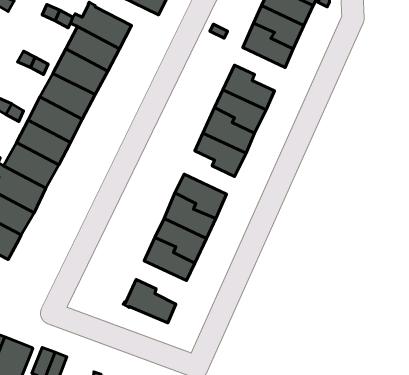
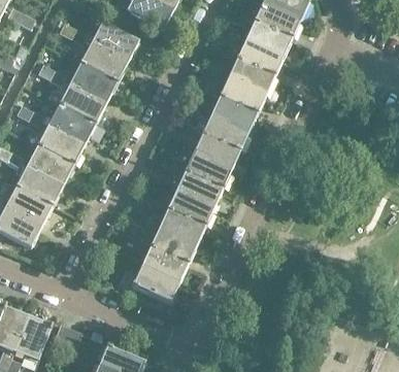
building: none -> [229,60,273,98]
building: none -> [185,150,229,189]
building: none -> [142,247,187,285]

